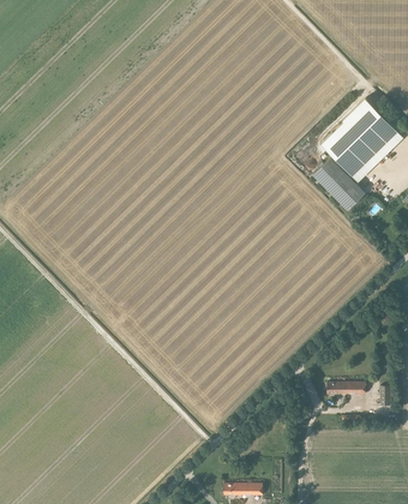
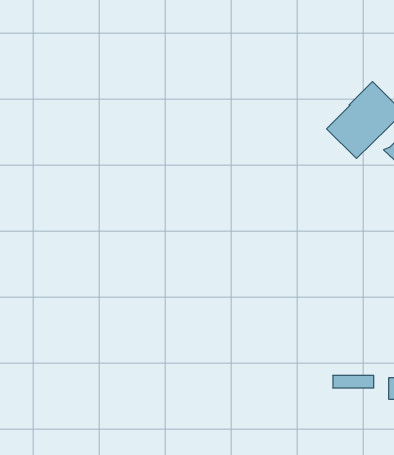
building: [314,157,366,209] -> none

